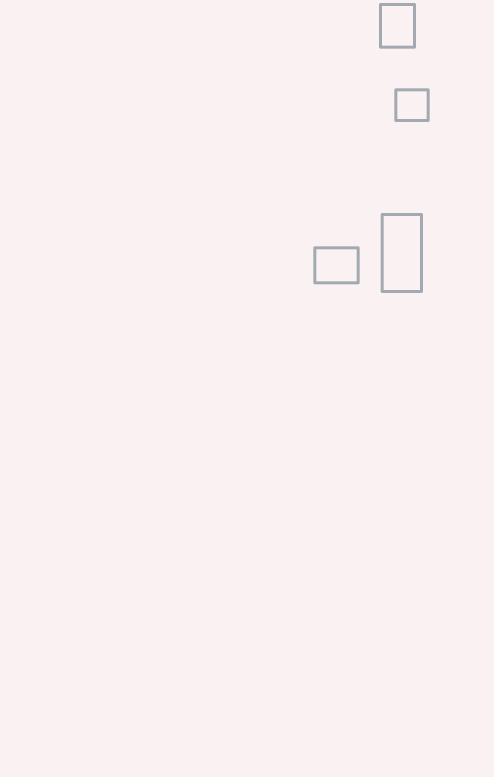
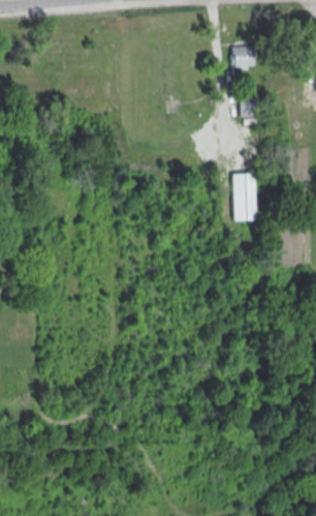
building: [315,248,358,283] -> none

